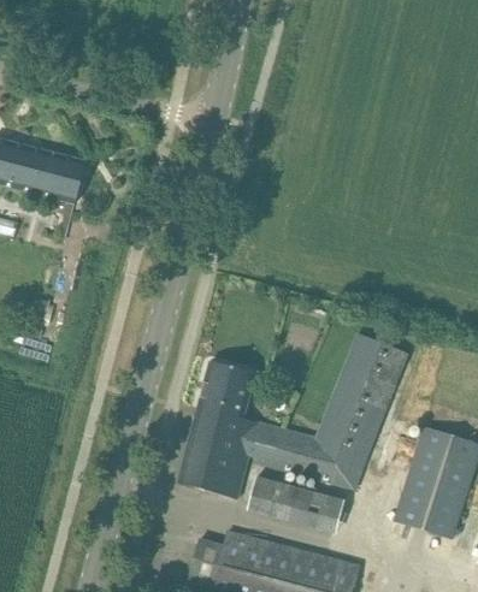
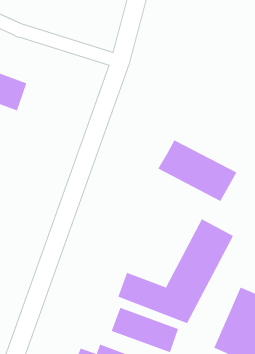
building: none -> [158,139,237,202]
building: [179,361,258,497] -> none

